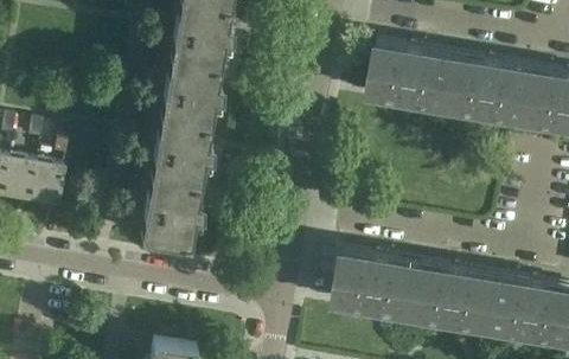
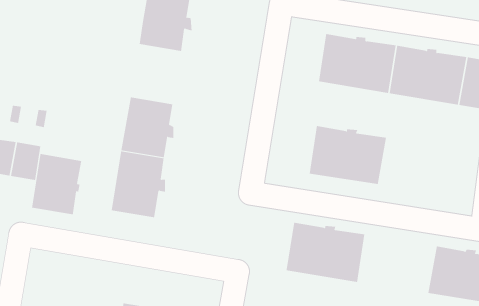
building: [162,59,222,126] -> none
building: none -> [31,153,82,215]
building: [414,269,500,334] -> [309,126,387,185]

